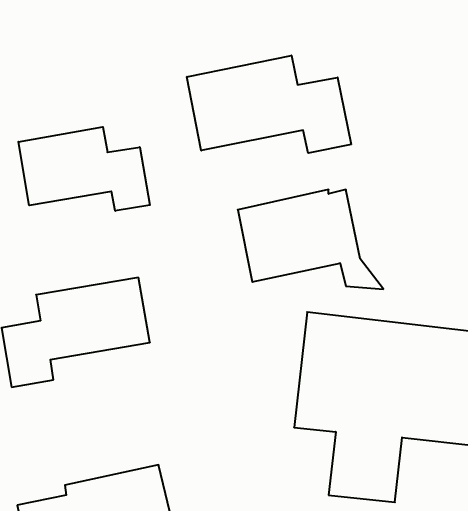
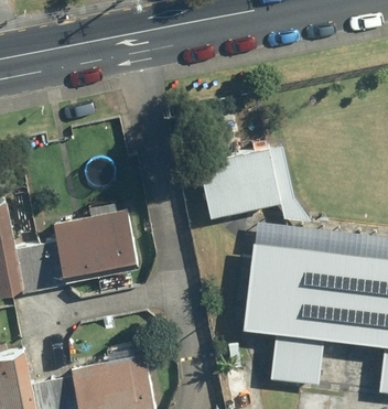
building: [187,55,351,153] -> none
building: [18,127,150,211] -> none

